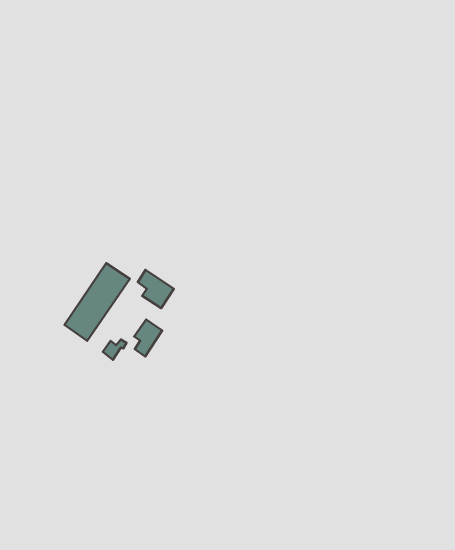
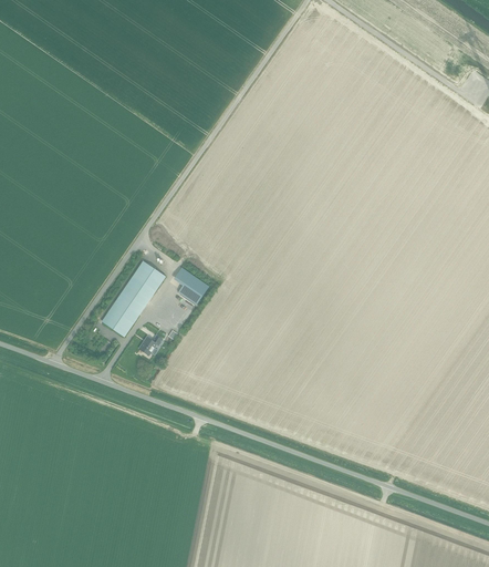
building: [134,320,162,356] -> none

